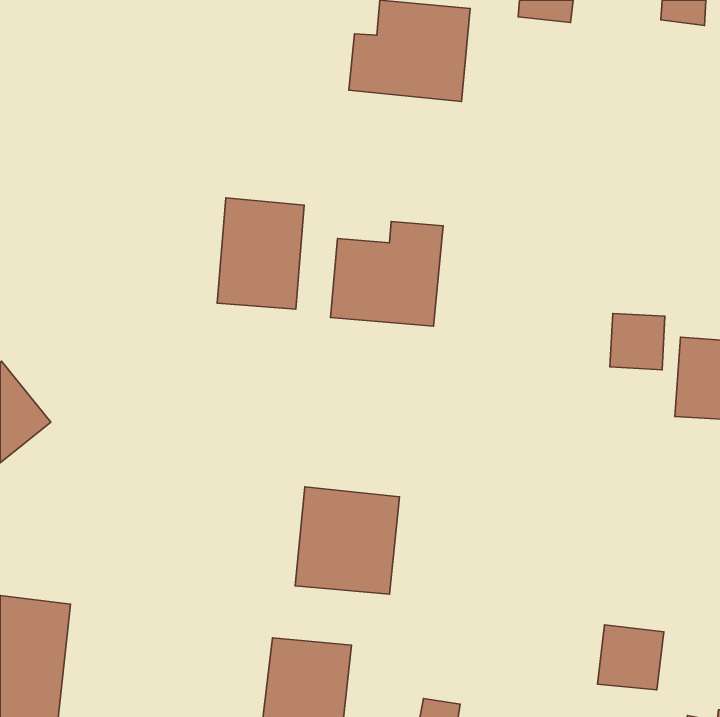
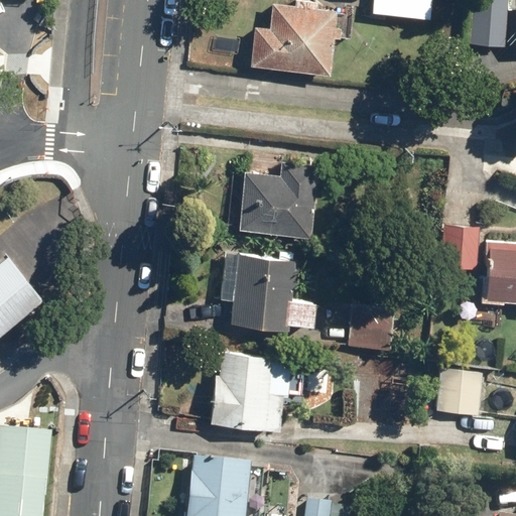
building: [217,198,304,309] -> none
building: none -> [229,253,313,329]
building: none -> [346,305,391,351]
building: [597,625,664,690] -> [432,370,480,416]

